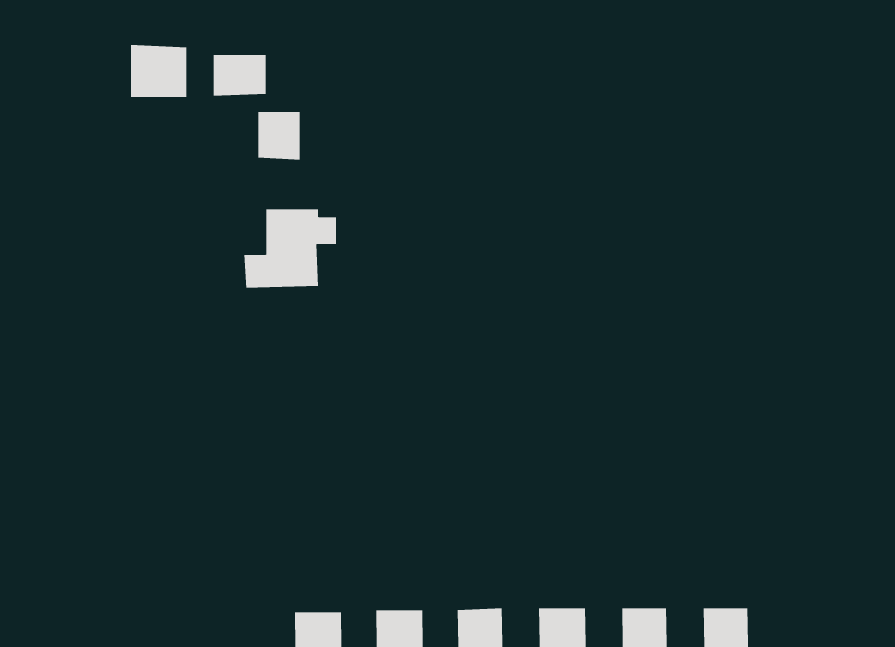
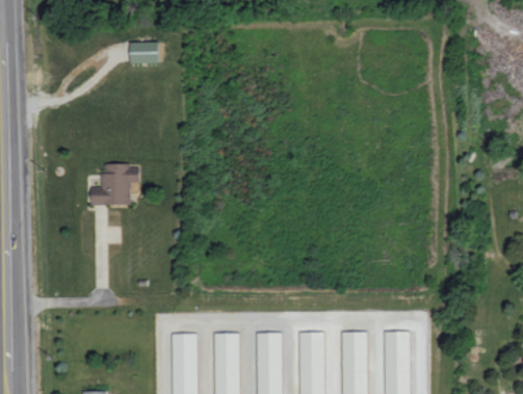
building: [131,44,187,98] -> none
building: [258,111,300,161] -> none
building: [244,209,337,288] -> [90,164,139,206]

